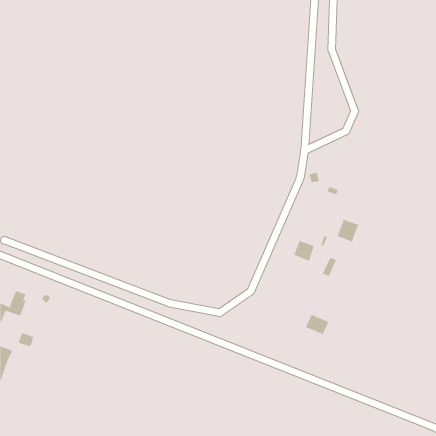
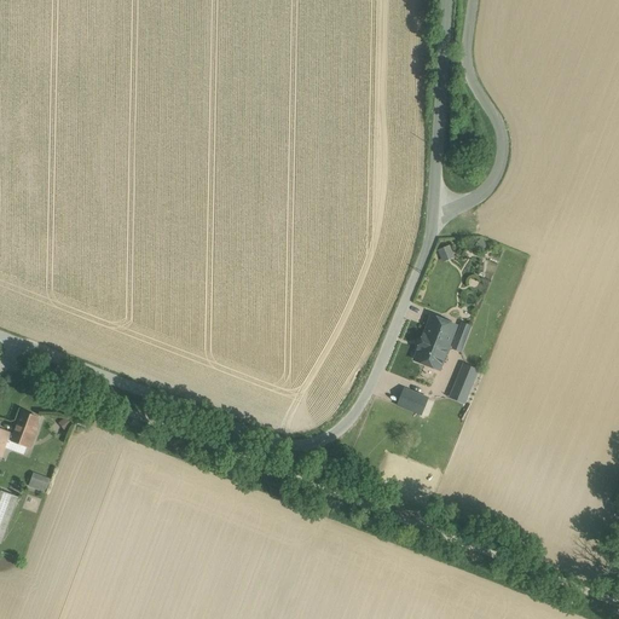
building: [337,219,359,242] -> [423,316,455,348]
building: [305,314,329,335] -> [393,384,427,413]

